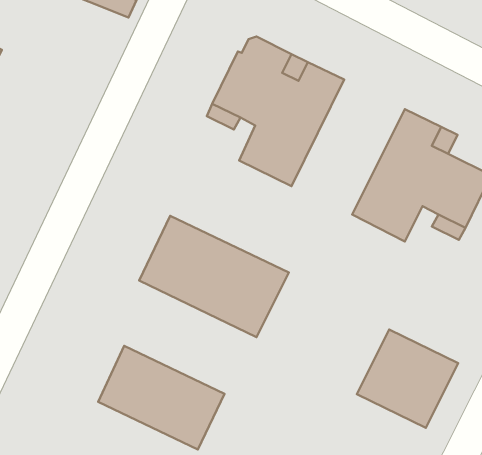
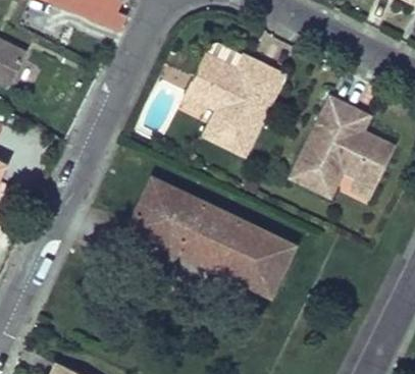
building: [357,330,458,428] -> [218,221,295,296]
building: [98,346,224,449] -> none

